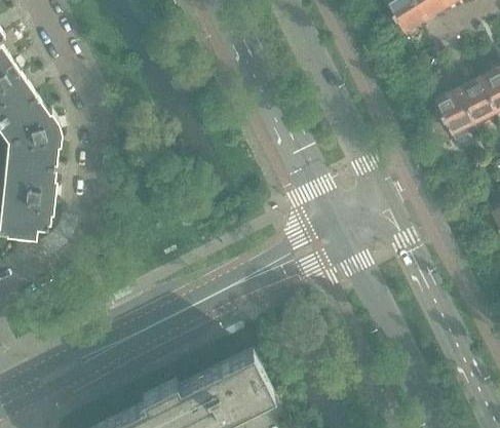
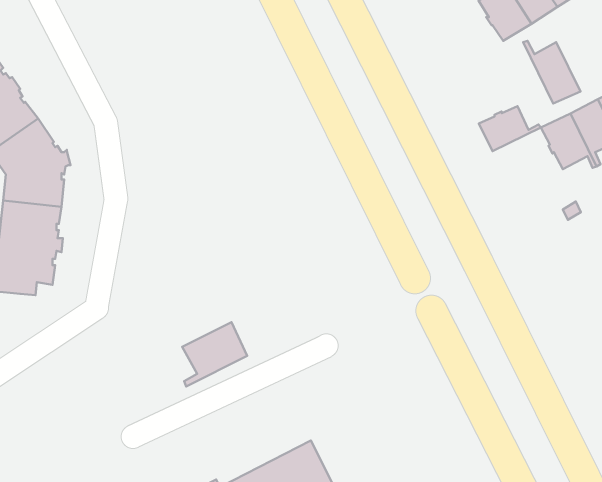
building: none -> [523,41,580,104]
building: none -> [479,106,541,151]
building: none -> [182,322,247,386]

